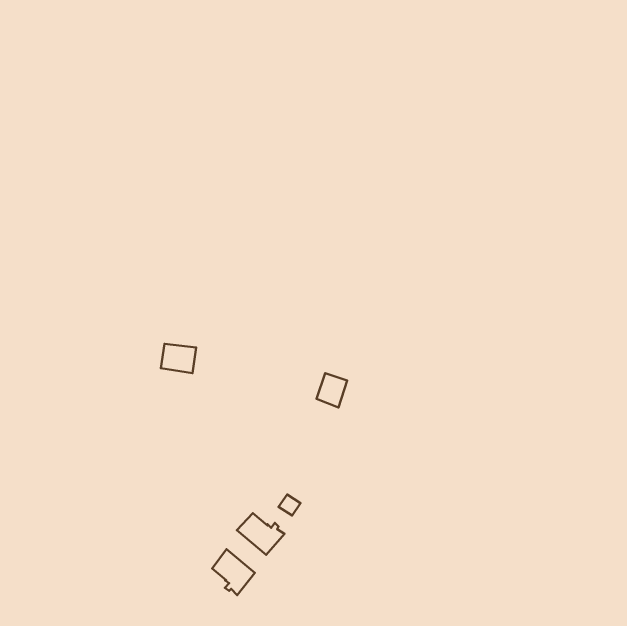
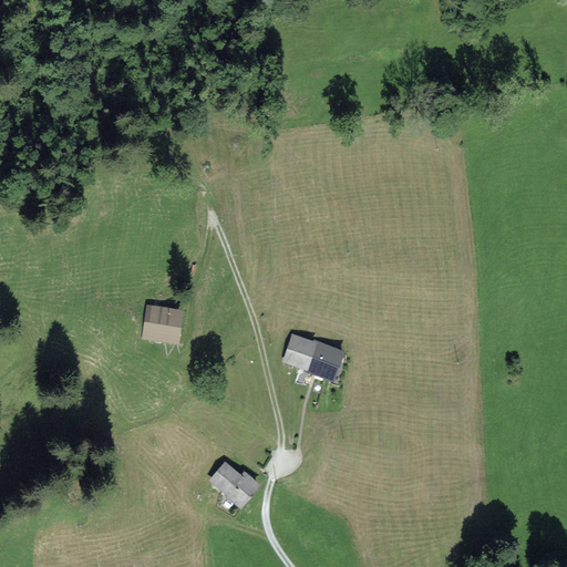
building: none -> [310,346,338,374]
building: [212,549,255,595] -> none

